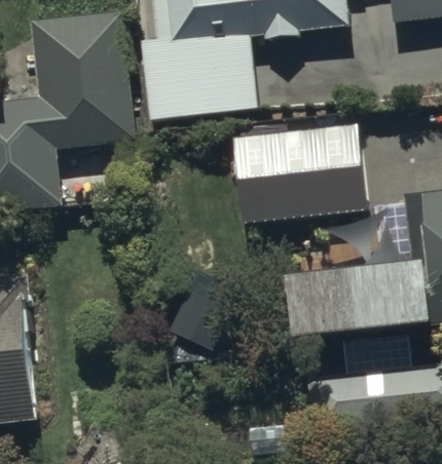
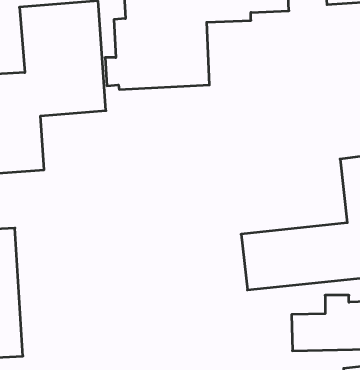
building: [264,121,370,195] -> none

